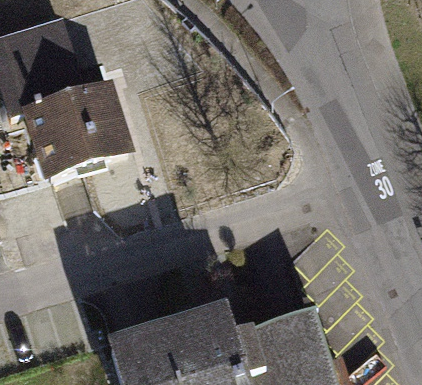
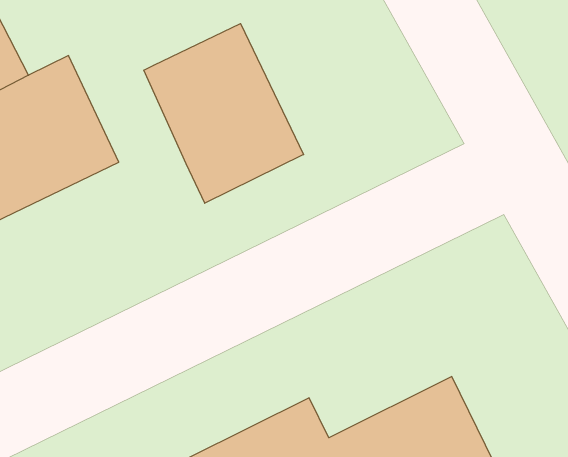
building: none -> [144,24,304,203]

